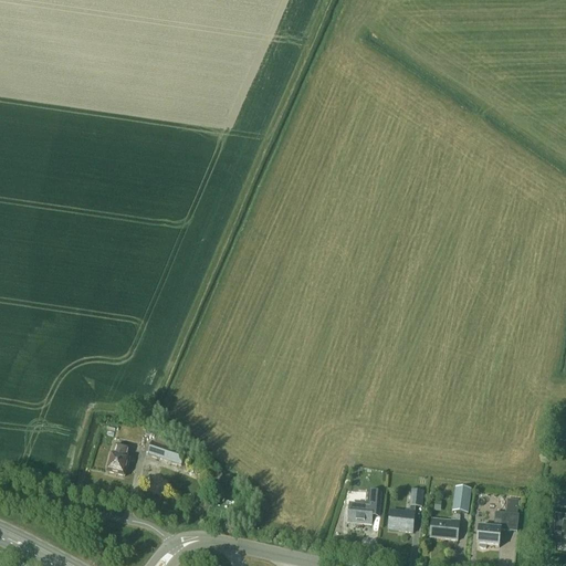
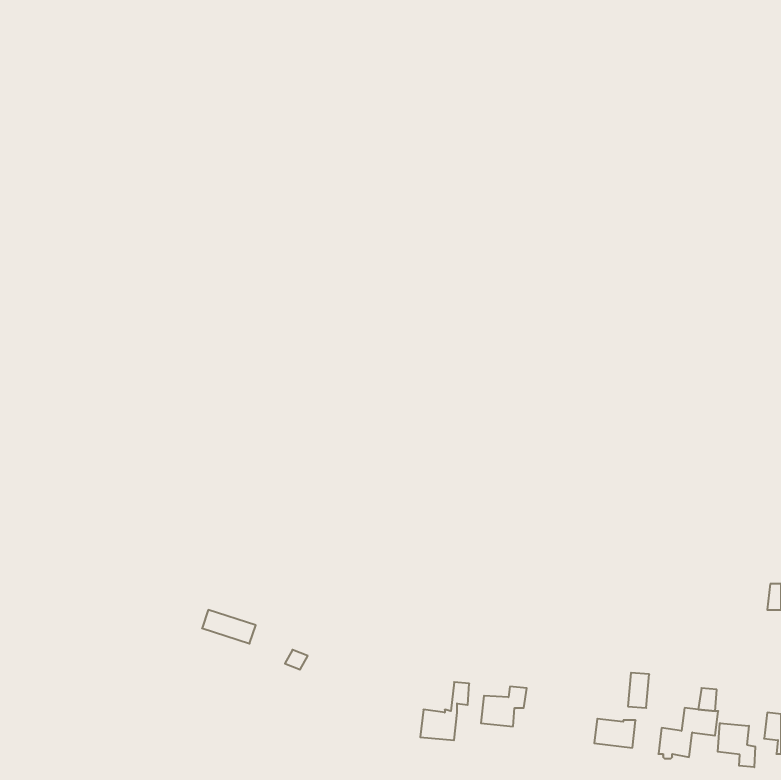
building: [106,443,129,474] -> none
building: [387,489,422,531] -> [420,682,469,740]
building: none -> [718,723,755,767]

